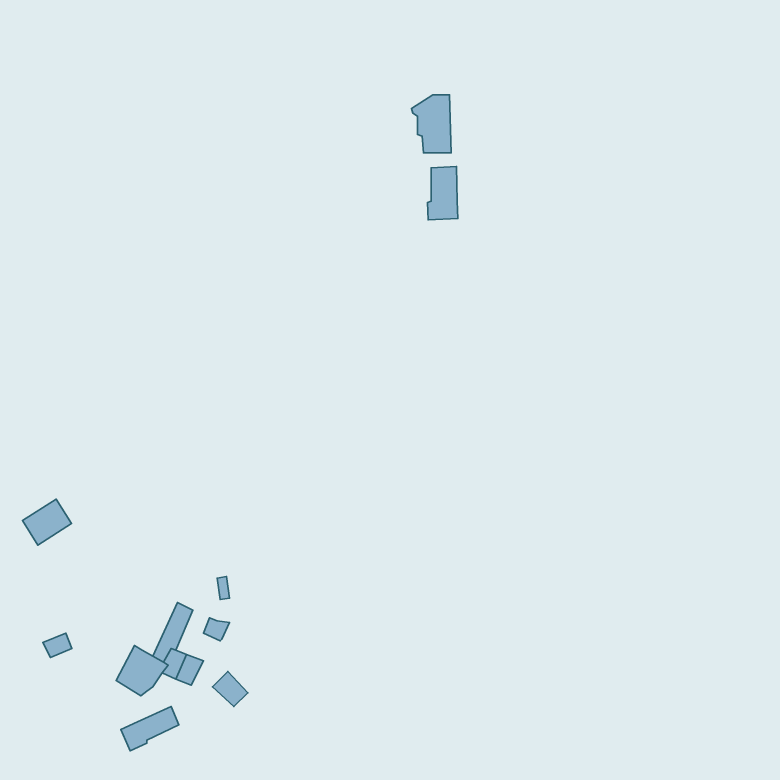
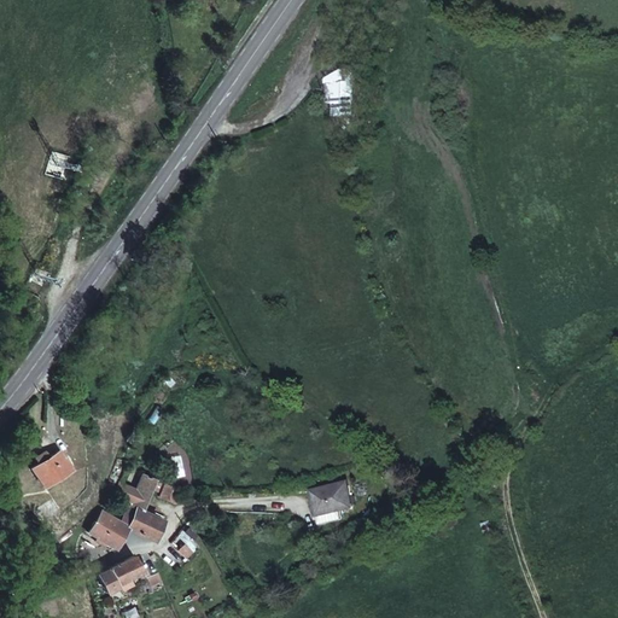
building: [428,167,458,220] -> none
building: [23,499,72,545] -> [33,449,71,485]
building: none -> [311,485,354,520]

